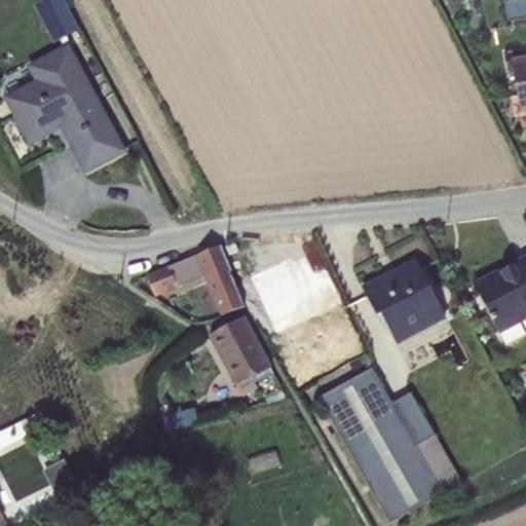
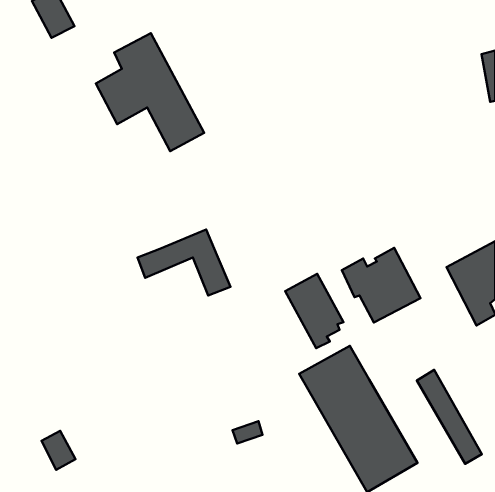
building: [7,43,122,168] -> [96,33,204,151]
building: [210,314,271,393] -> [285,274,343,348]
building: [391,391,460,491] -> [417,370,482,464]

